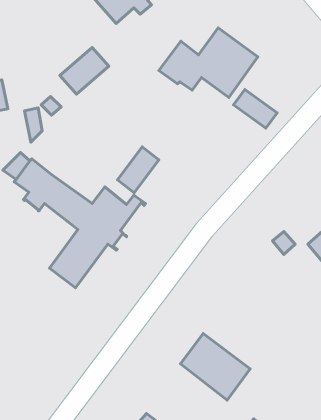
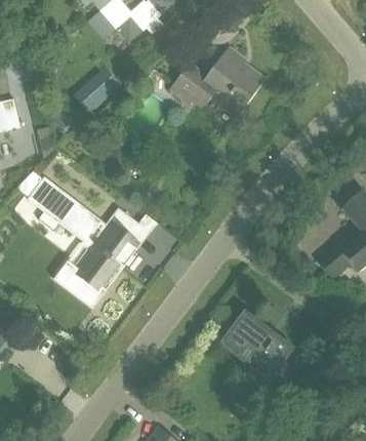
building: [233,89,277,128] -> none
building: [117,147,159,193] -> none
building: [180,334,250,400] -> [217,310,286,375]

